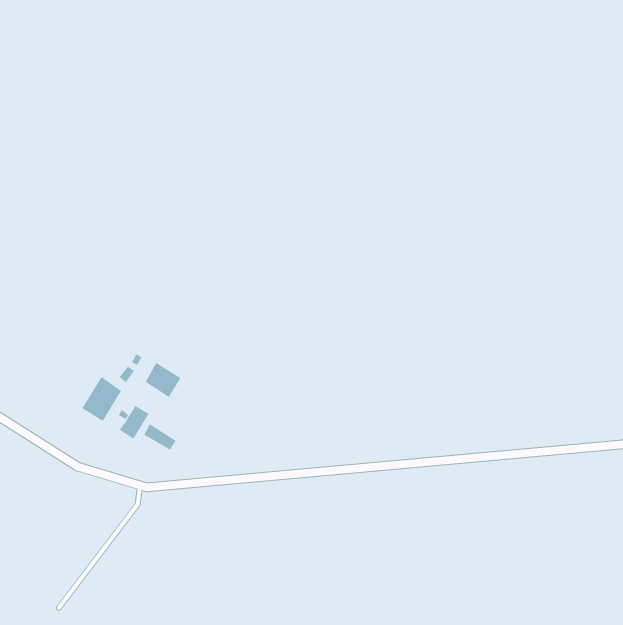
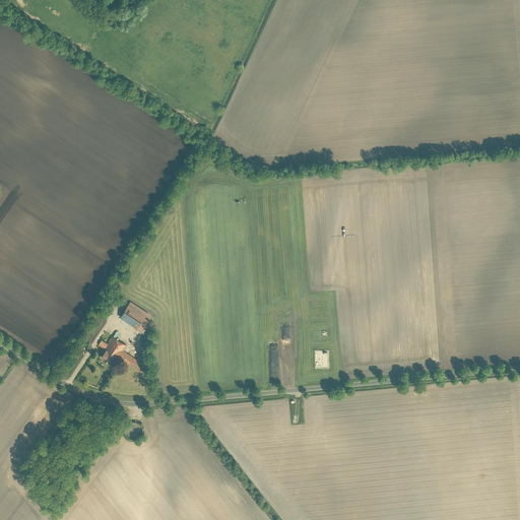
building: [81,376,122,422] -> none

